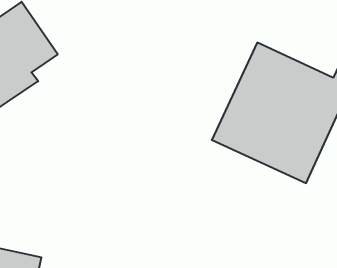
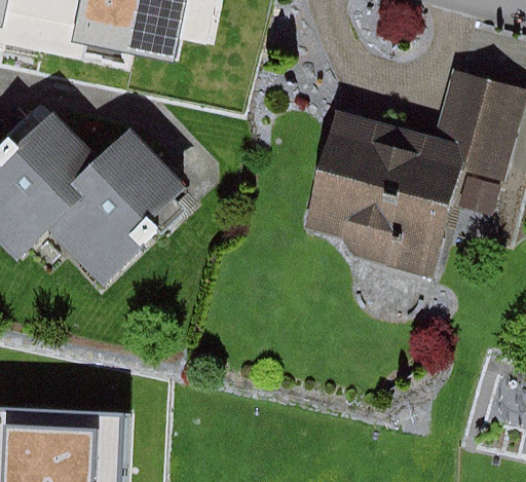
building: none -> [47,132,194,286]

